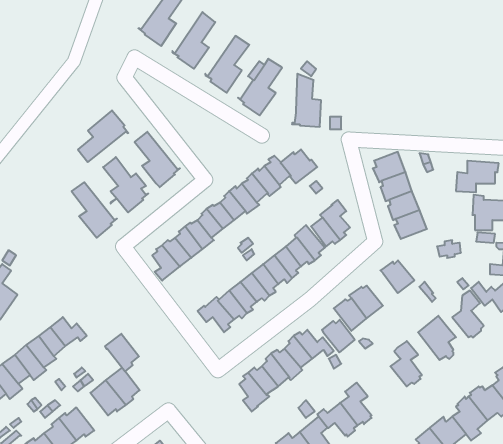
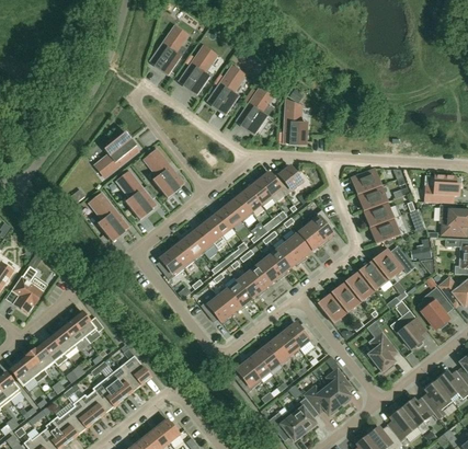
building: none -> [373,251,402,279]
building: [322,320,355,352] -> [345,273,374,301]
building: [105,334,139,371] -> [92,377,122,410]

